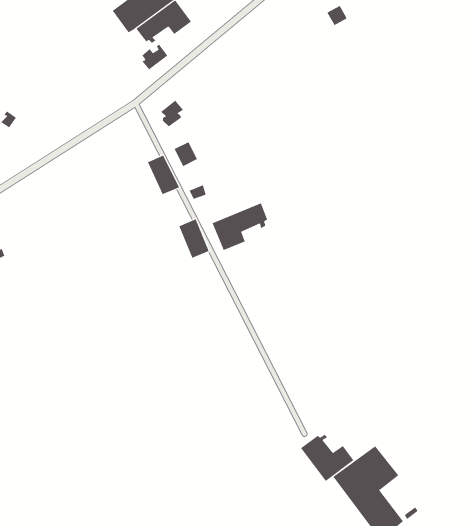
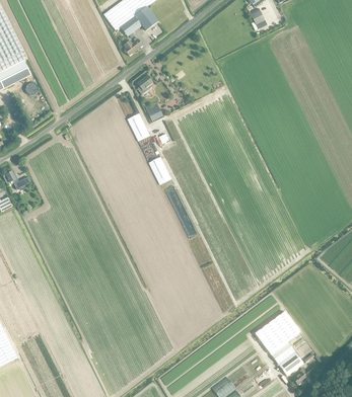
building: [212,203,268,251] -> none
building: [300,434,354,482] -> none

